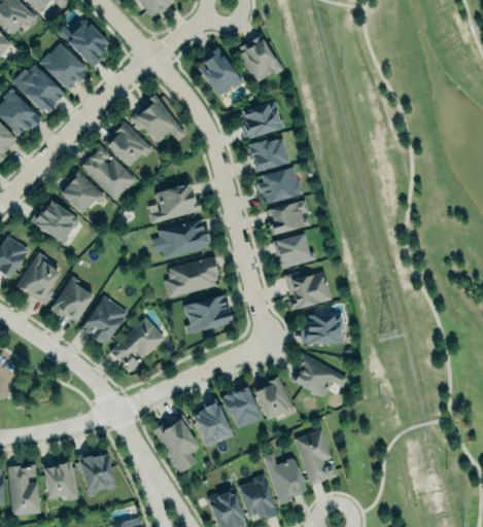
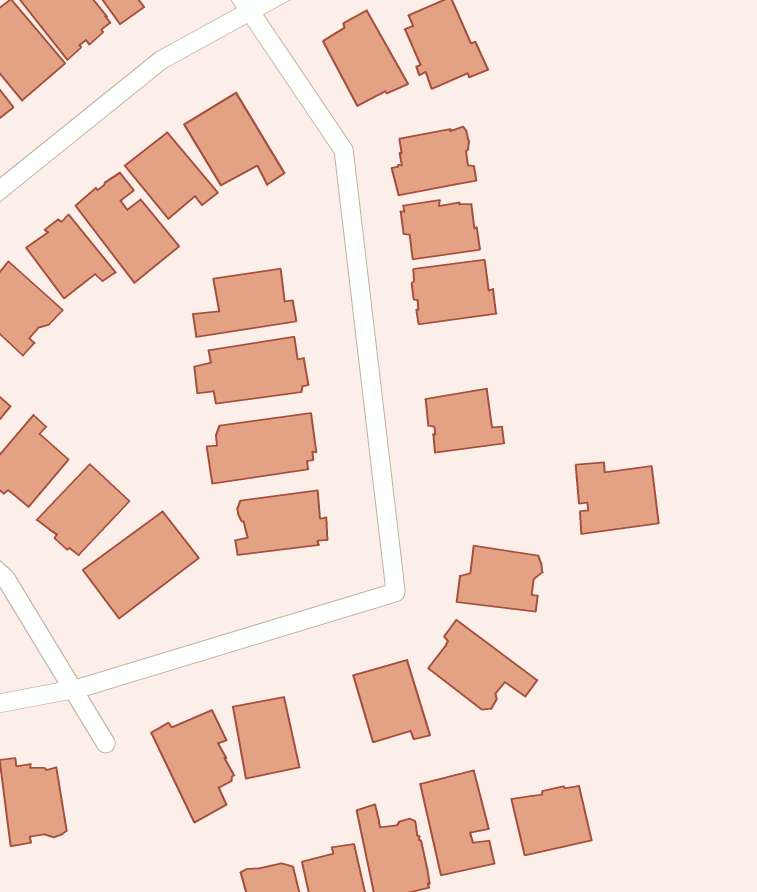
building: [266,200,309,236] -> none
building: [285,271,332,310] -> [576,462,659,534]
building: [221,386,263,429] -> none
building: none -> [511,786,592,855]

